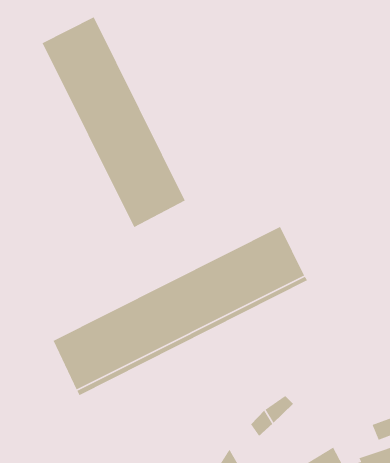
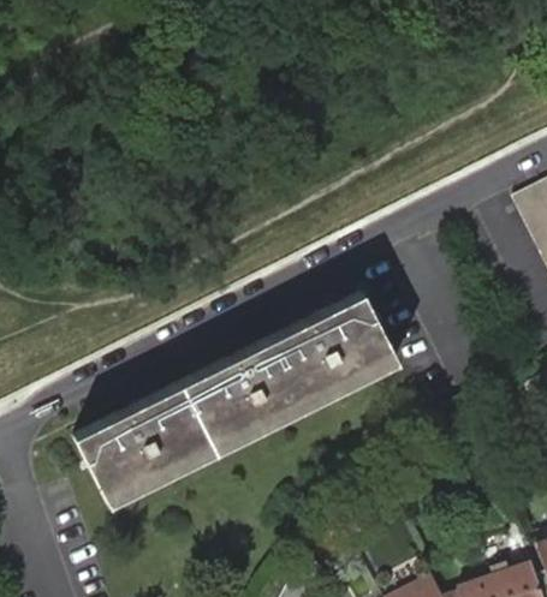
building: [42,16,186,228] -> none

